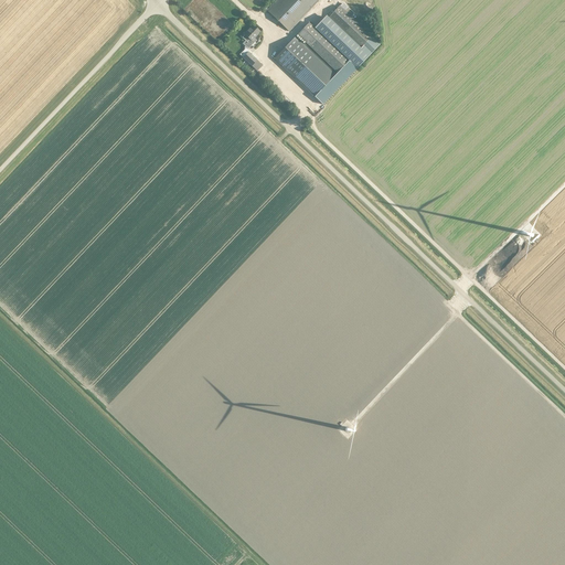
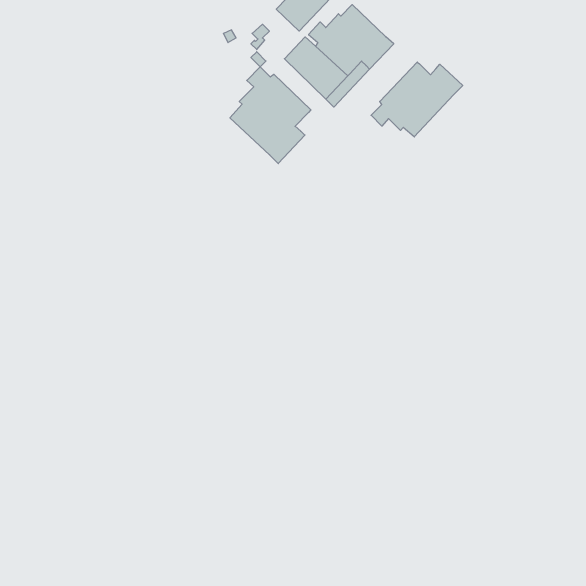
building: none -> [371,62,463,137]
building: none -> [230,67,311,164]

